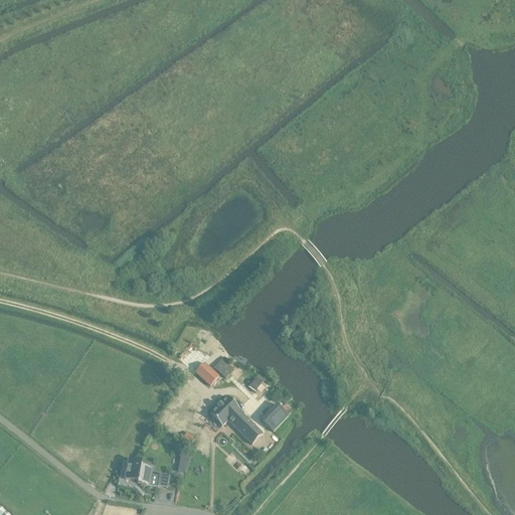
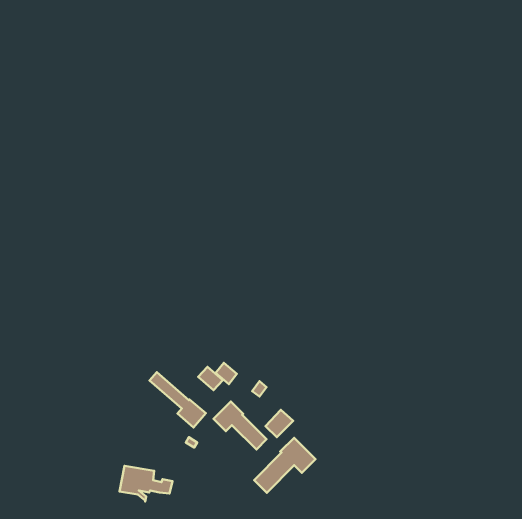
building: none -> [150,372,206,427]
building: none -> [254,438,316,493]

